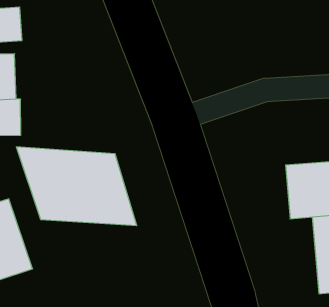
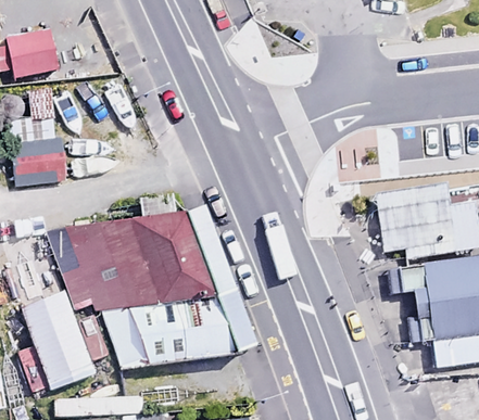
building: none -> [98,295,234,352]

